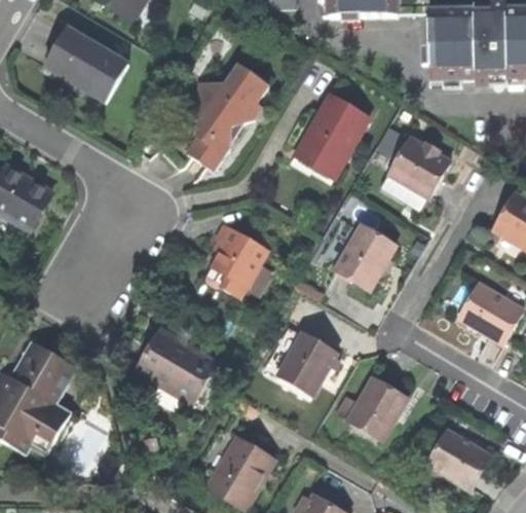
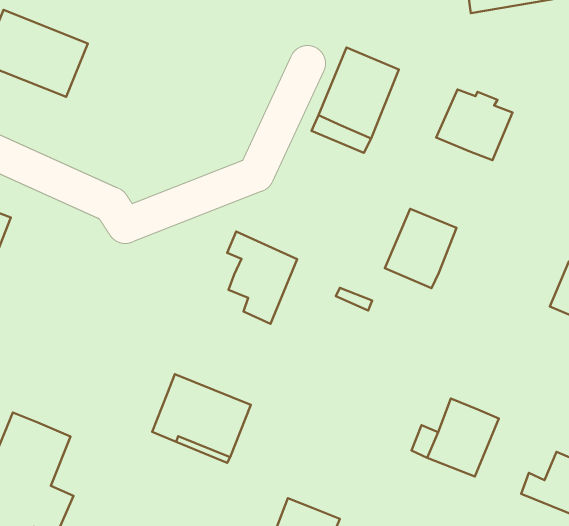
building: [187,66,268,171] -> none
building: [263,326,337,405] -> none

